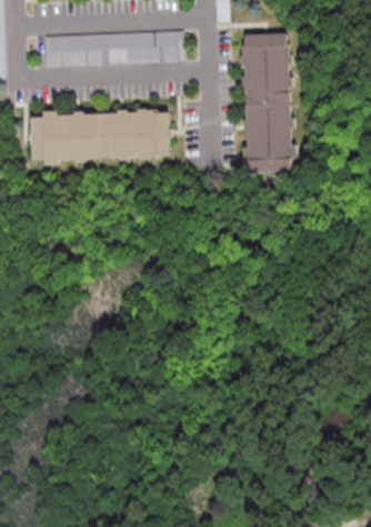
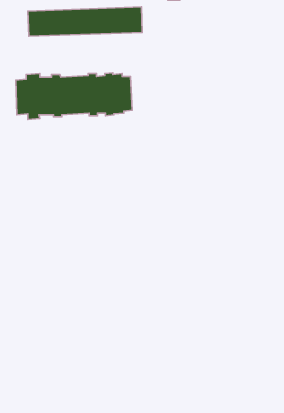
building: [240,34,297,175] -> none

